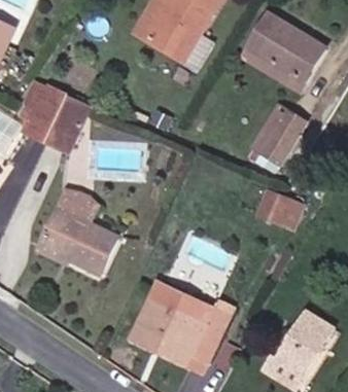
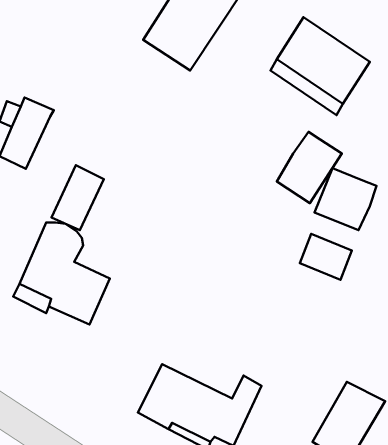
building: [46,99,89,151] -> [52,165,104,230]
building: none -> [314,168,377,230]
building: [156,280,222,326] -> none

